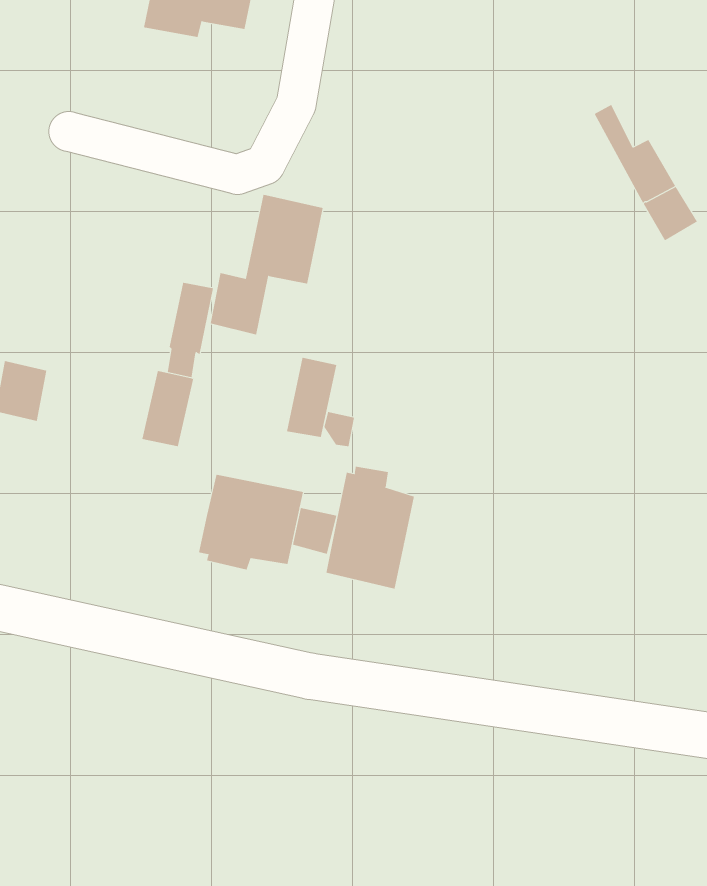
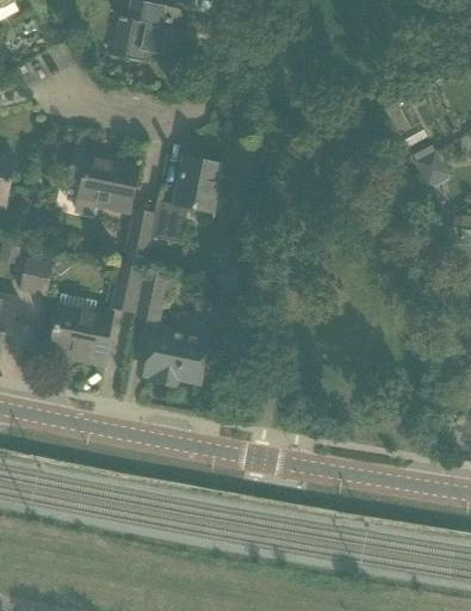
building: none -> [68,149,138,217]
building: [286,357,337,437] -> [137,272,168,321]
building: none -> [50,308,113,358]
building: [326,466,415,589] -> none

